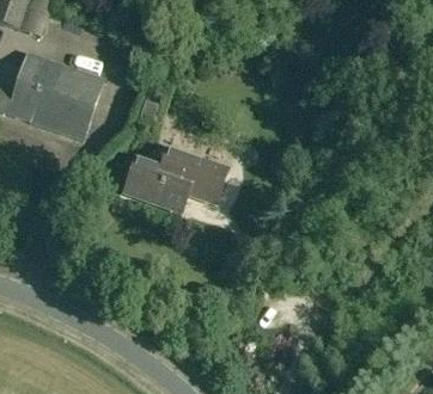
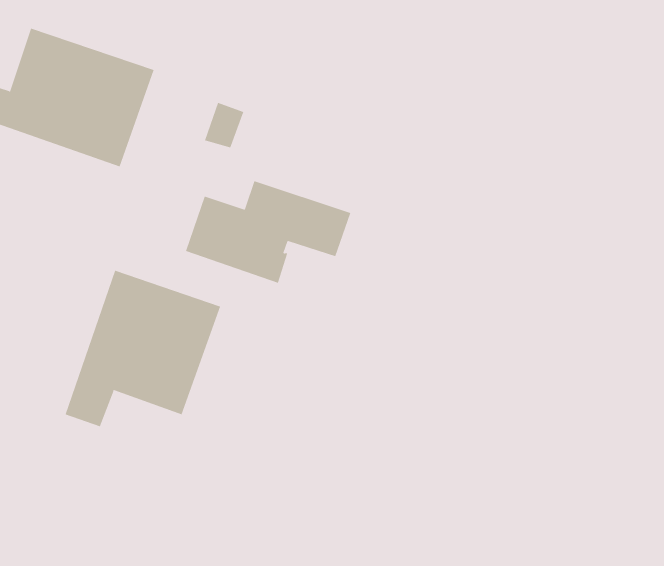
building: none -> [65,270,221,427]

